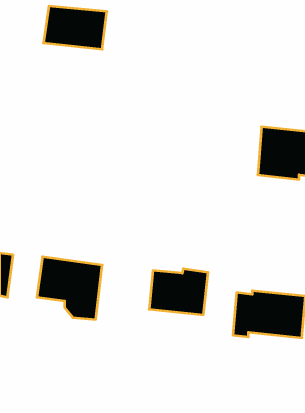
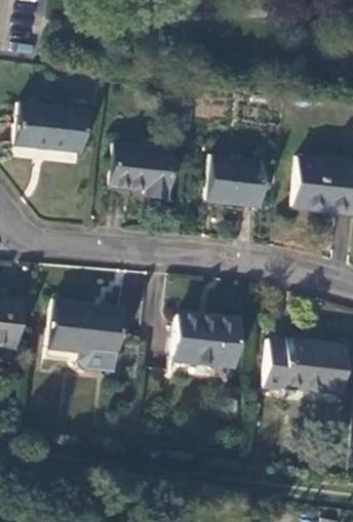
building: [43,6,107,49] -> [17,103,88,151]
building: none -> [112,143,174,194]
building: none -> [209,155,266,204]

